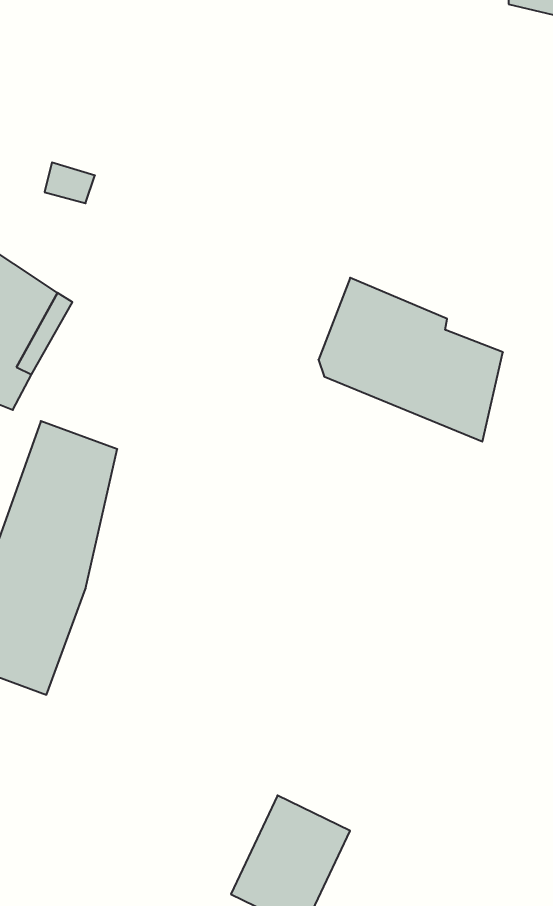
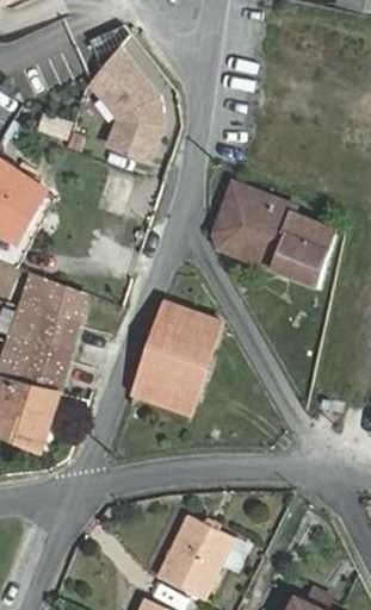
building: none -> [91,48,161,160]
building: none -> [131,301,222,410]

